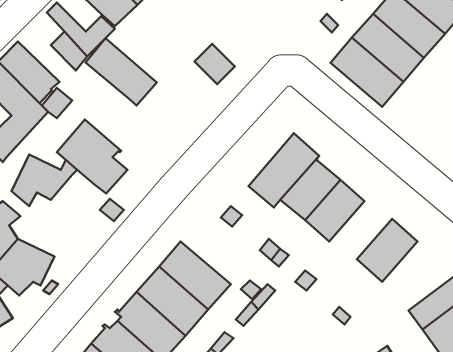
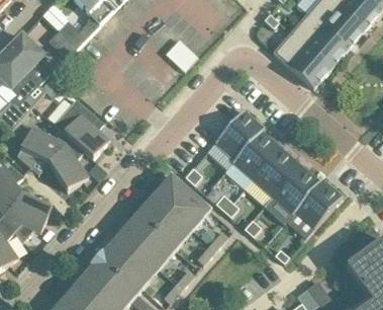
building: [86,38,157,105] -> none
building: none -> [49,138,89,189]
building: none -> [272,163,322,213]
building: none -> [153,174,210,230]

